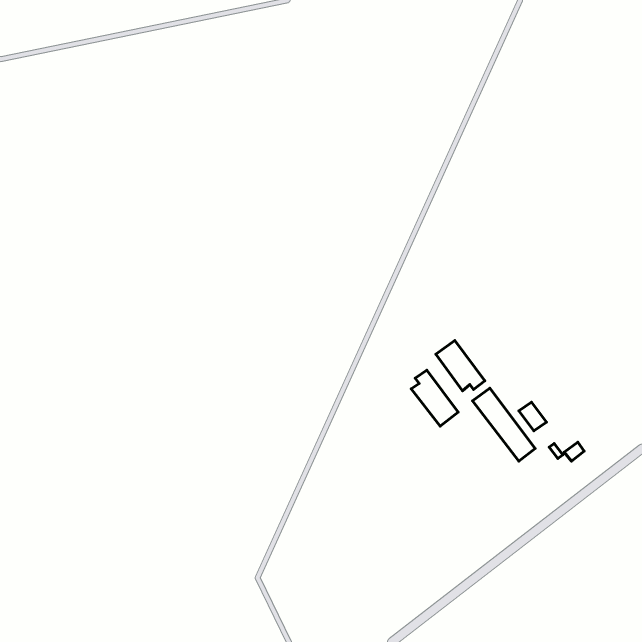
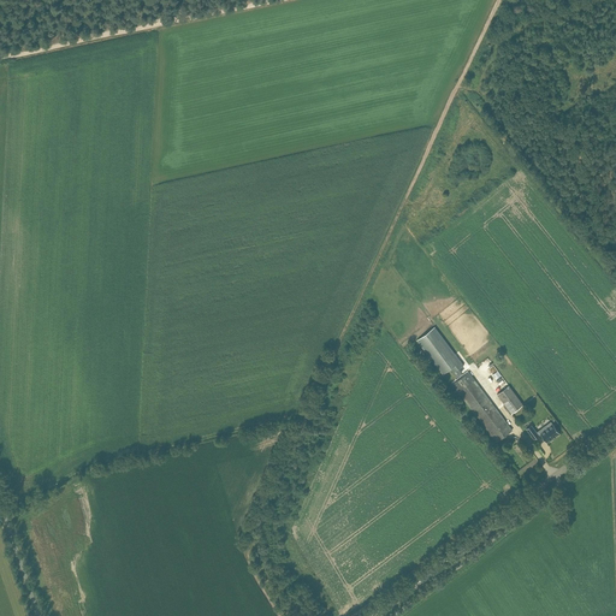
building: [411,370,458,426] -> none

